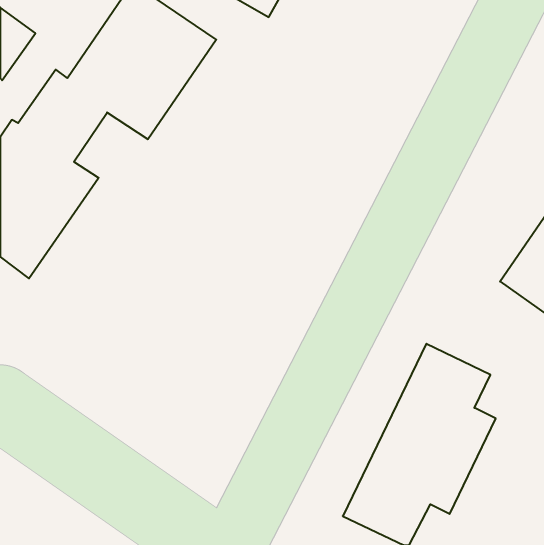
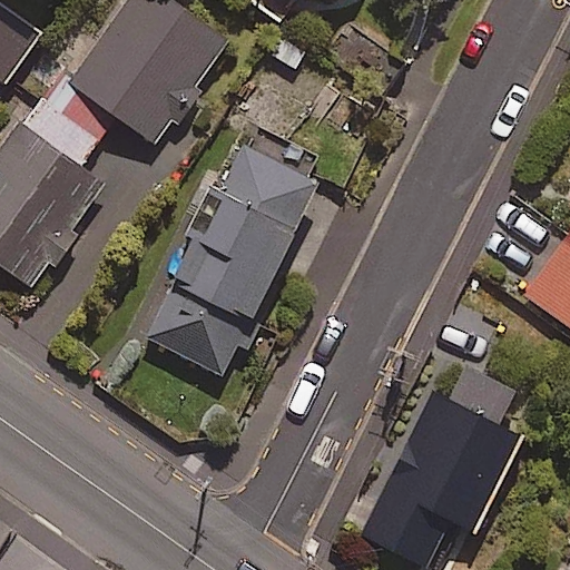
building: none -> [146,119,317,375]

